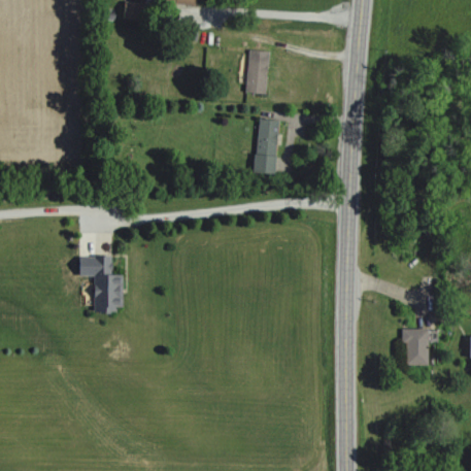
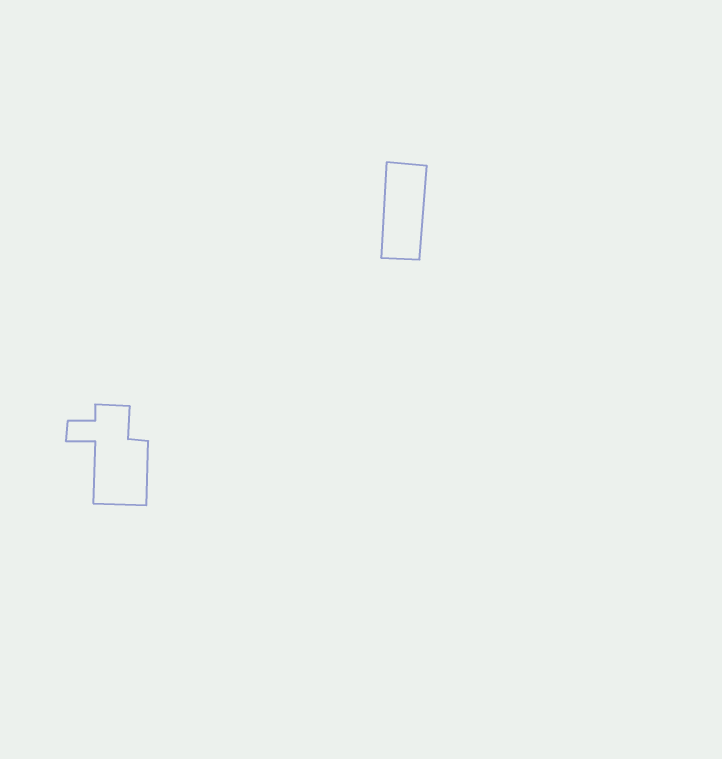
building: [247,54,268,93] -> none
building: [402,329,428,365] -> none

